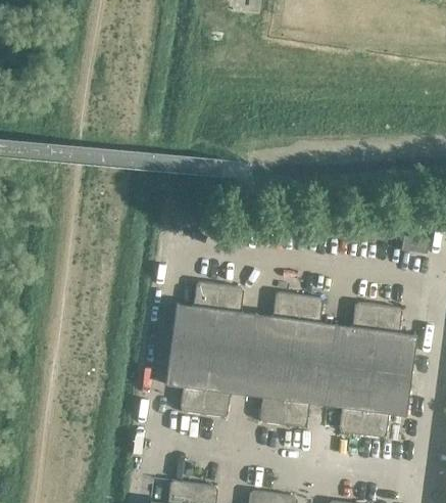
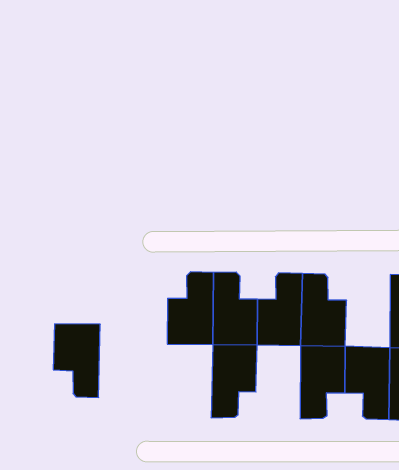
building: [331,302,379,370] -> none
building: [165,344,212,414] -> [53,324,100,397]
building: [246,354,291,424] -> none

